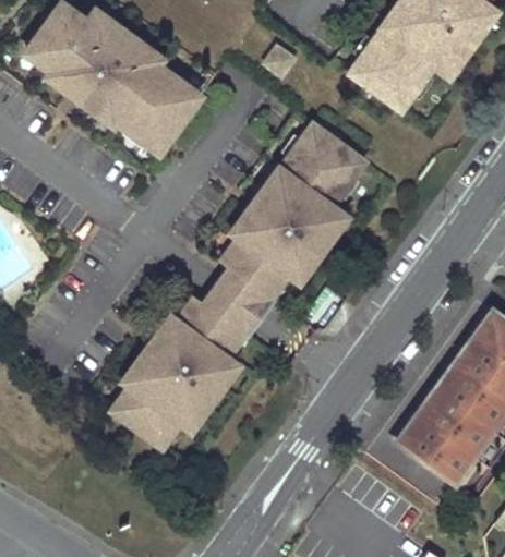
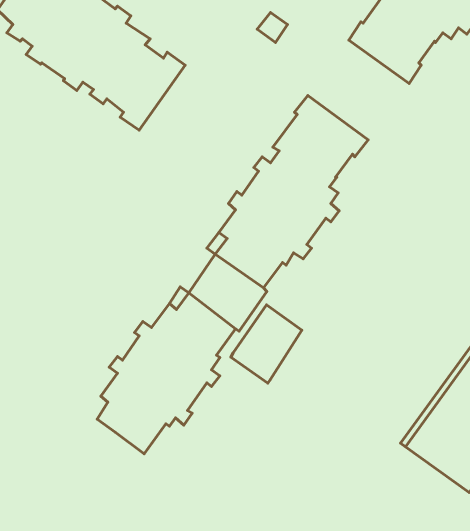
building: none -> [231,305,302,383]

